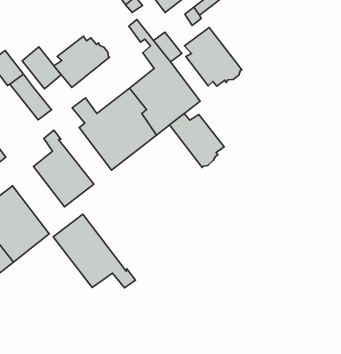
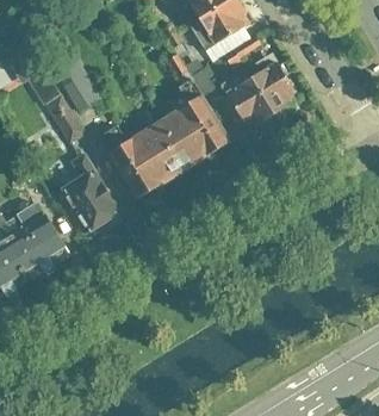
building: [54,36,109,88] -> none
building: [170,114,224,168] -> [247,60,298,114]
building: [53,214,135,288] -> none

